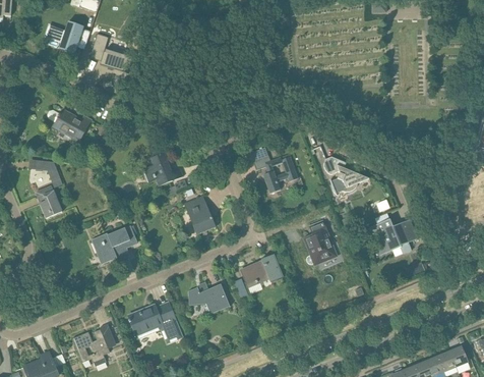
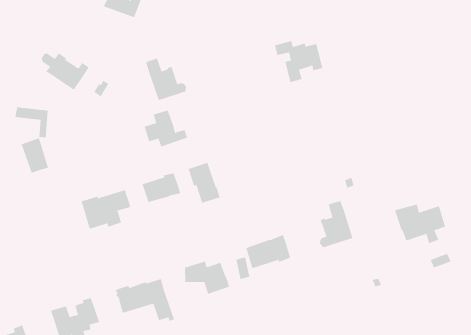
building: none -> [146,58,186,101]
building: [252,155,297,193] -> [274,41,323,83]
building: [322,156,368,193] -> none
building: none -> [142,172,181,203]

